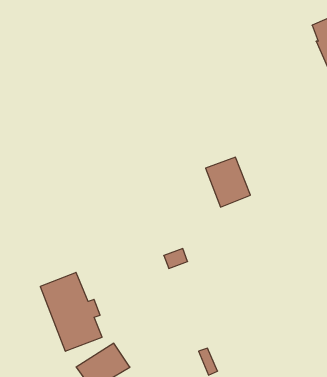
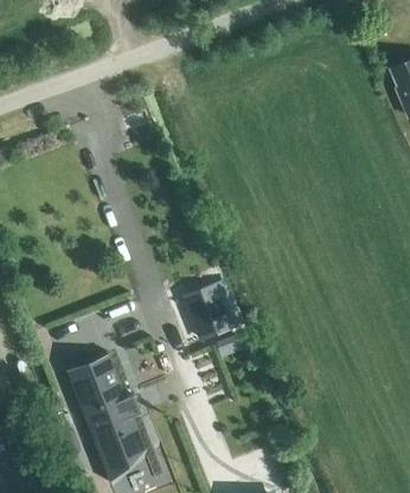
building: [206,157,250,207] -> [185,281,238,340]

